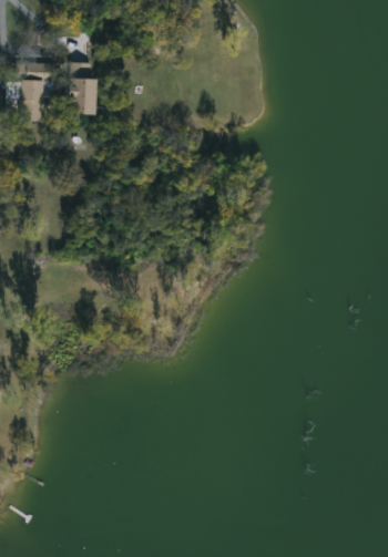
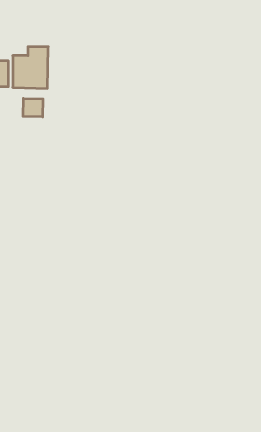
building: none -> [23,98,43,117]

